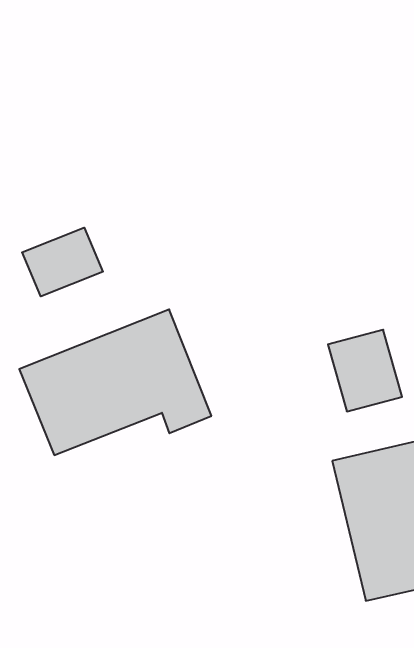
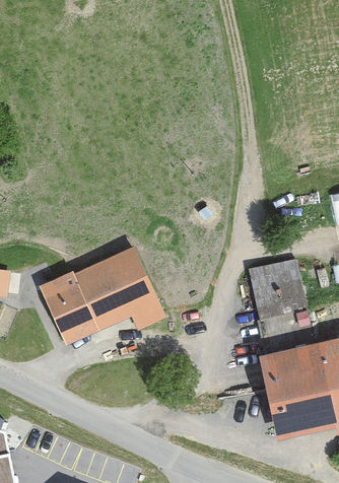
building: [22,228,103,296] -> none

